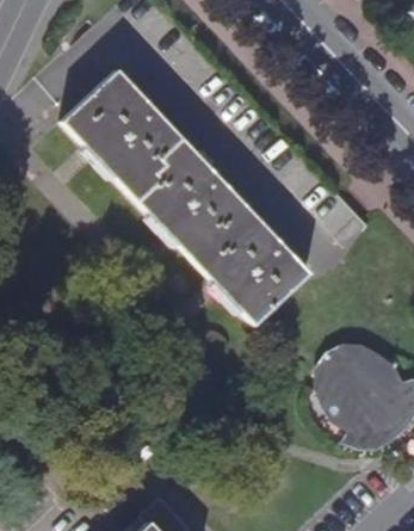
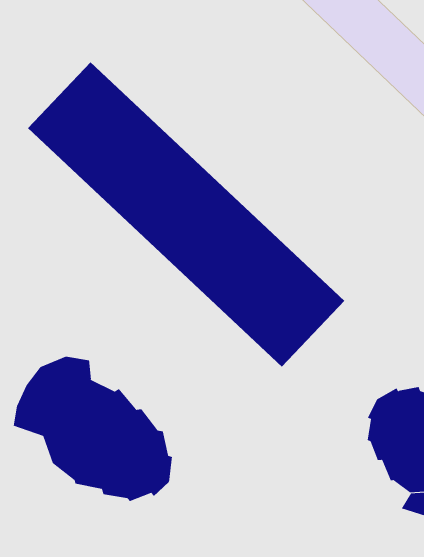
building: none -> [13,356,172,502]

